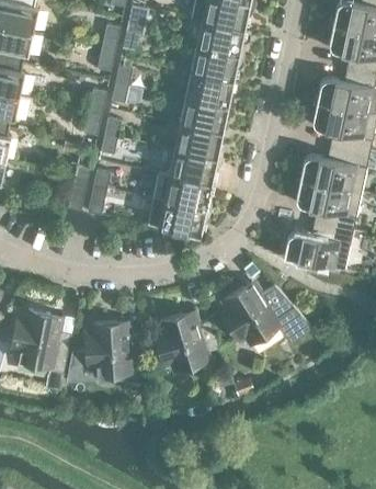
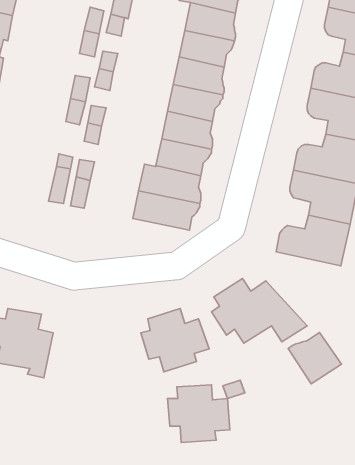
building: [83,322,143,377] -> [167,385,230,442]
building: none -> [288,333,342,384]

